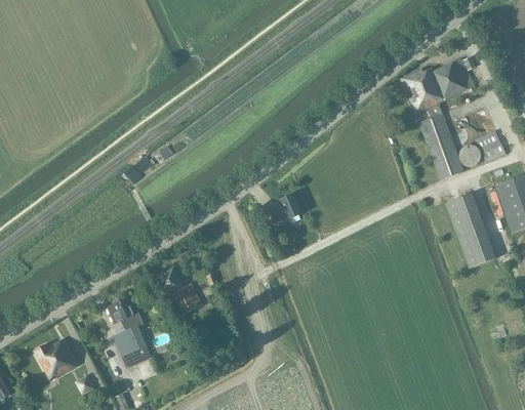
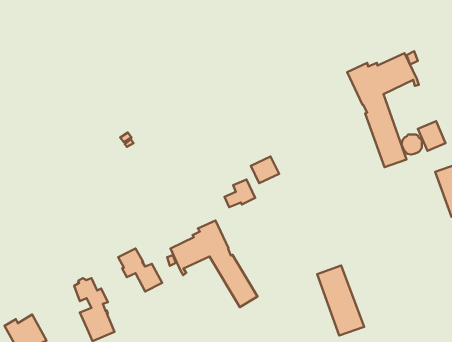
building: none -> [251,156,279,183]
building: [445,193,495,268] -> [317,265,364,335]
building: none -> [170,220,257,307]

